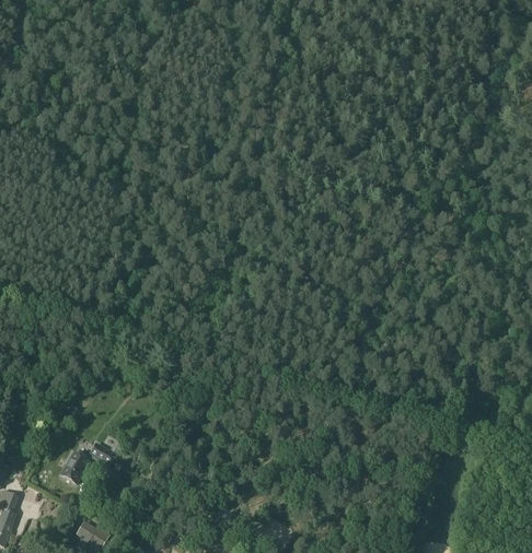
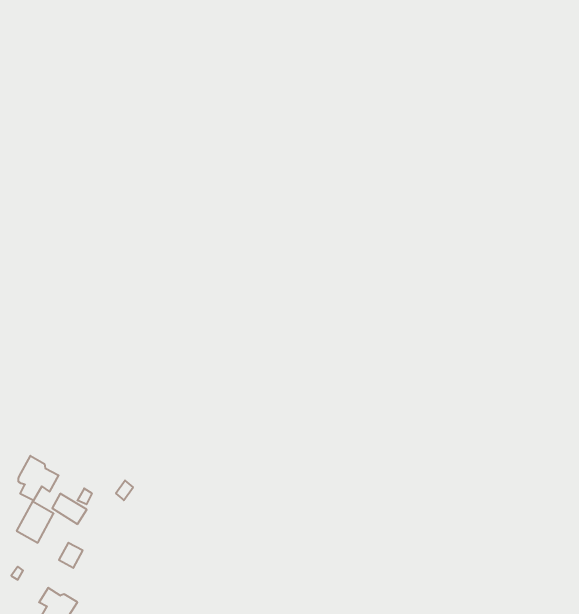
building: none -> [18,456,59,501]

